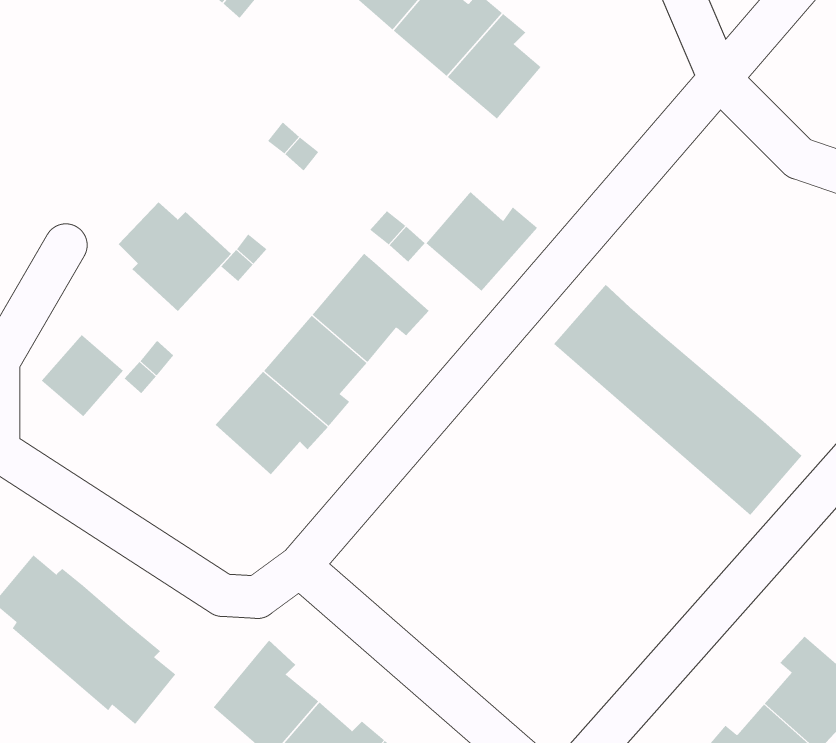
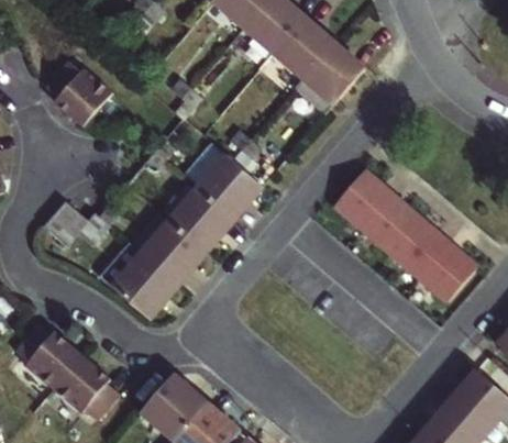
building: [426,191,538,292] -> [301,47,365,104]
building: [118,202,232,312] -> [48,63,113,125]
building: none -> [112,251,173,317]

